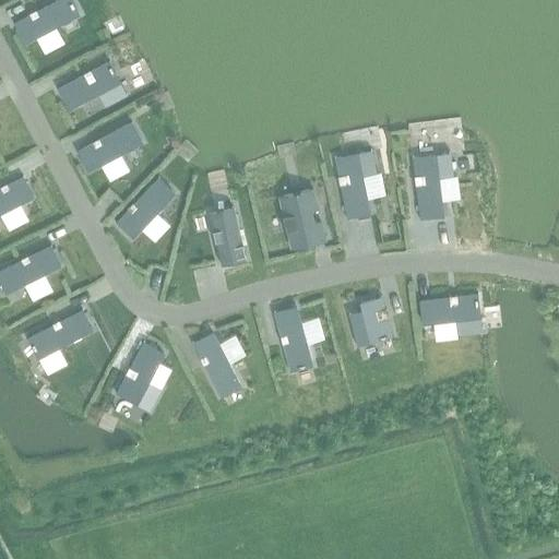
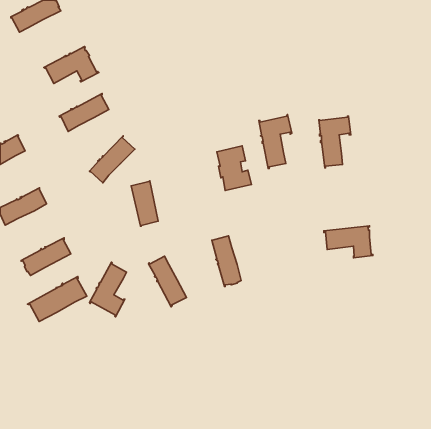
building: [210,207,245,266] -> [131,181,158,226]
building: [349,298,393,347] -> none
building: none -> [28,277,87,322]

